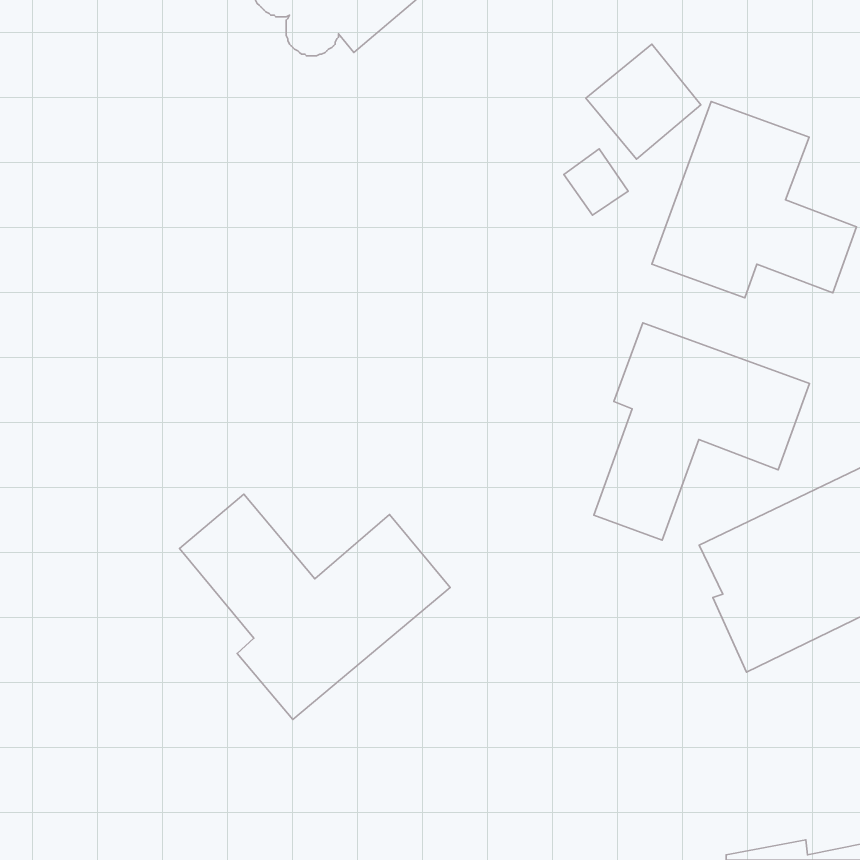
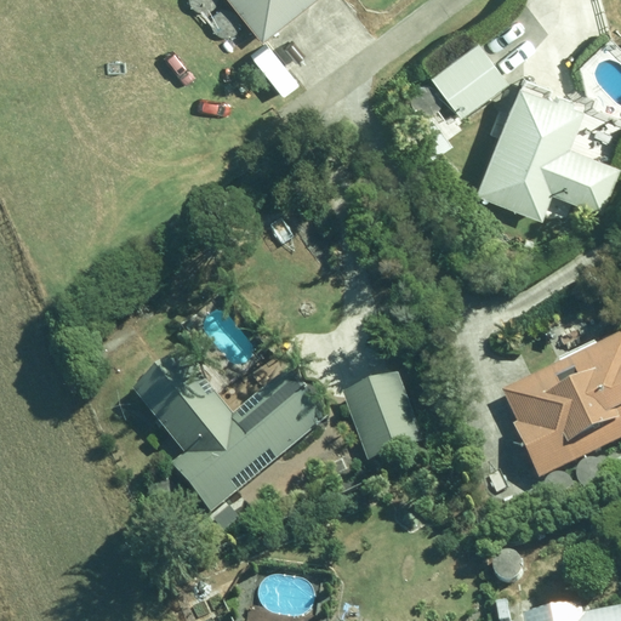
building: [594,323,810,540] -> none
building: none -> [344,372,427,462]

